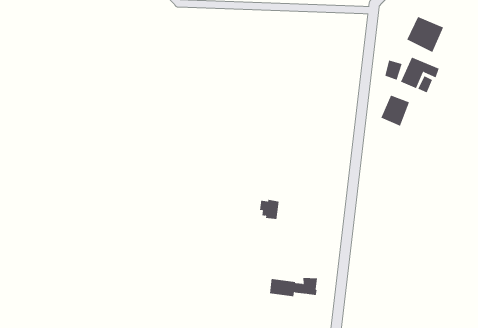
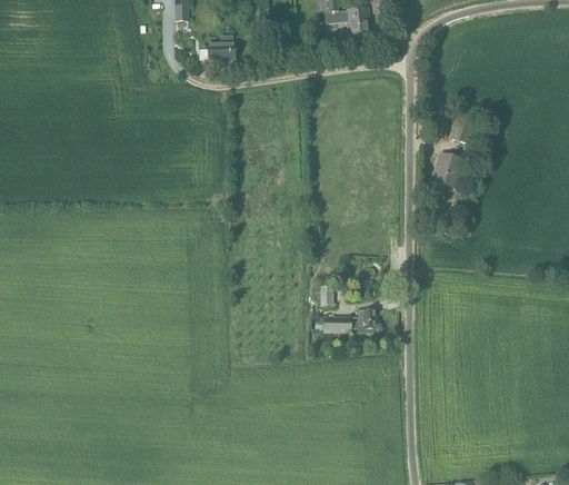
building: [407,16,444,53] -> none
building: [269,277,318,297] -> [323,309,376,333]

